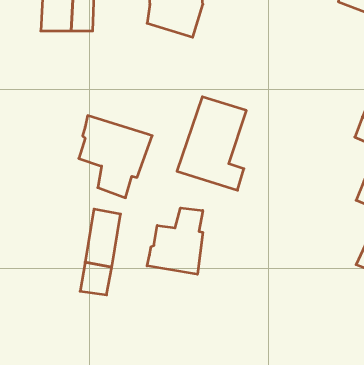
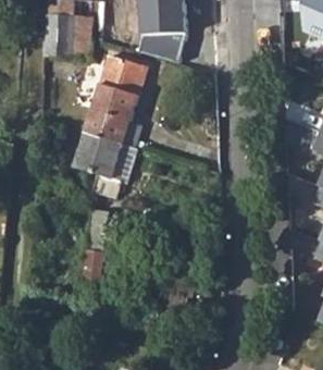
building: [177,97,246,190] -> [84,64,144,145]
building: [147,208,203,274] -> none

